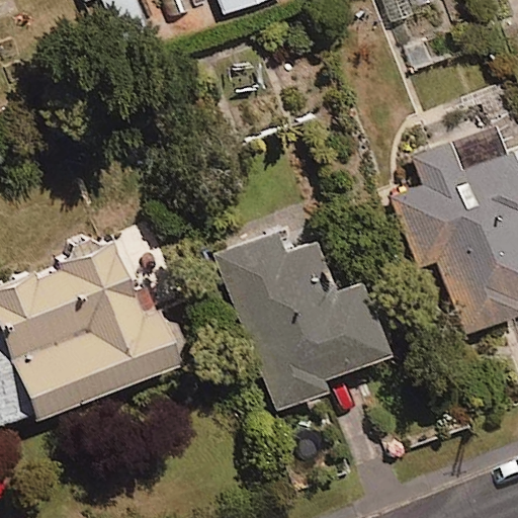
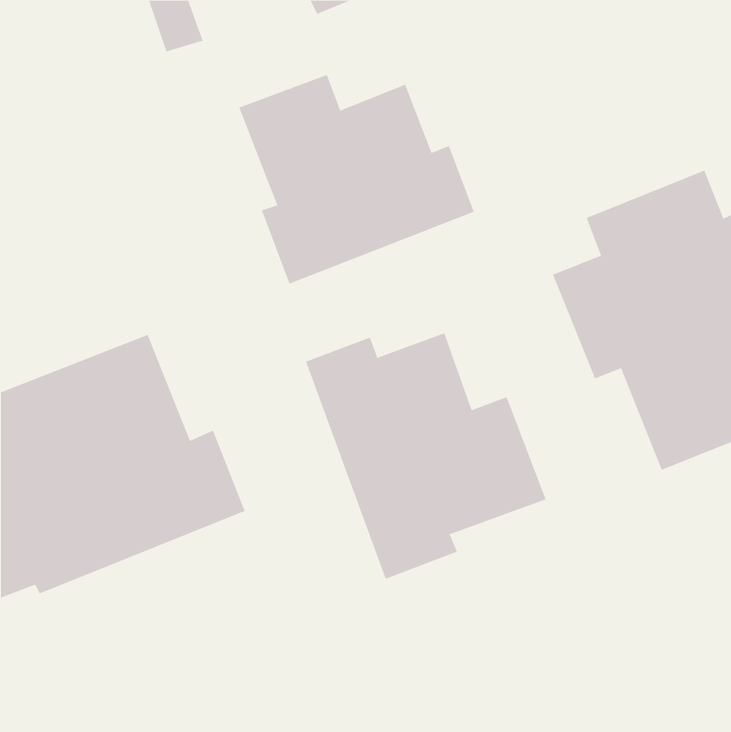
building: none -> [239,74,474,285]

